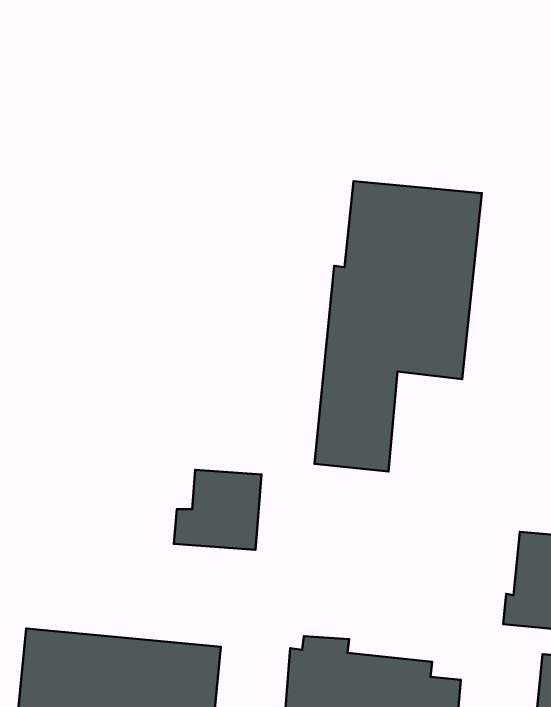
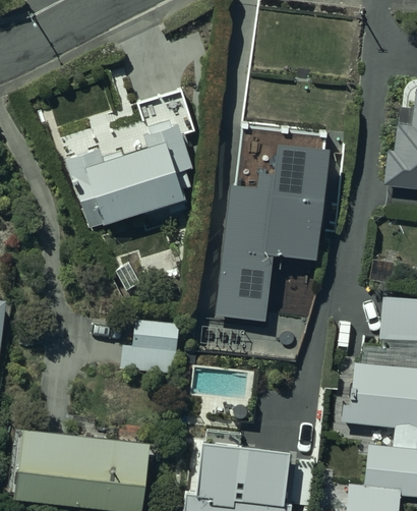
building: none -> [67,124,192,229]

